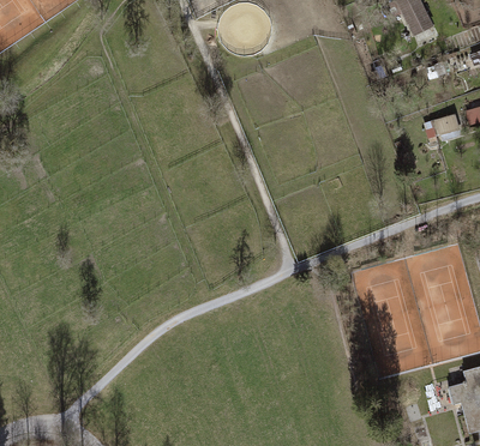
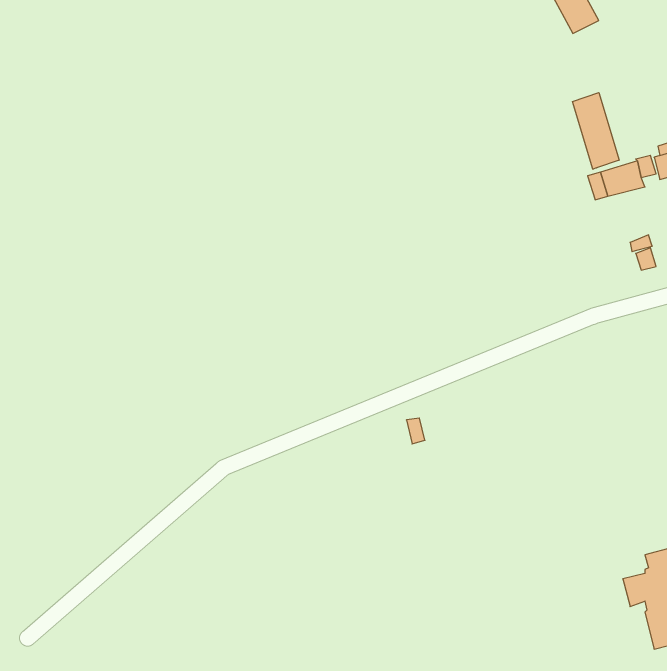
building: none -> [573,93,619,169]

